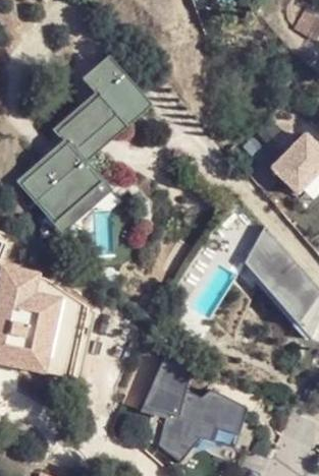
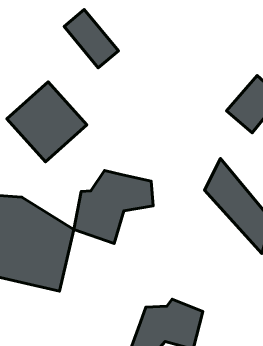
building: [55,90,122,156] -> none
building: none -> [74,170,153,243]
building: [143,358,187,416] -> none

